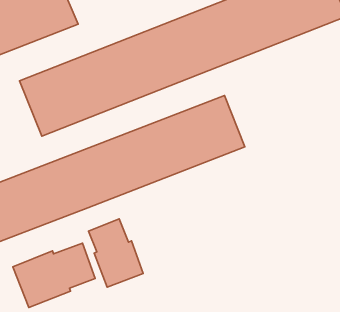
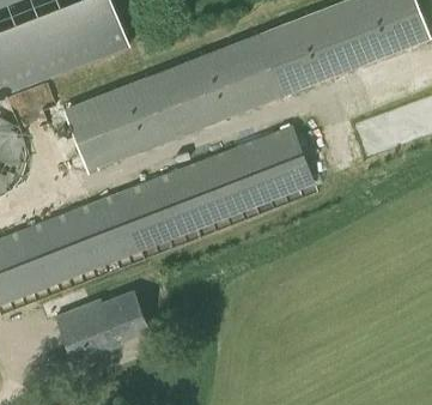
building: [89,219,143,287] -> none

